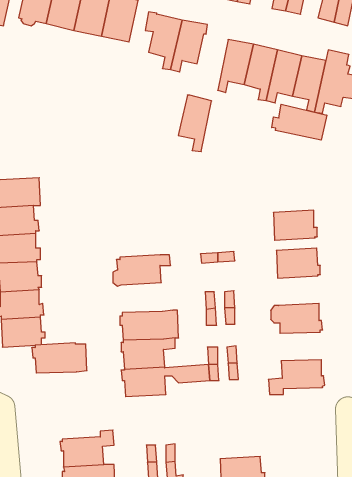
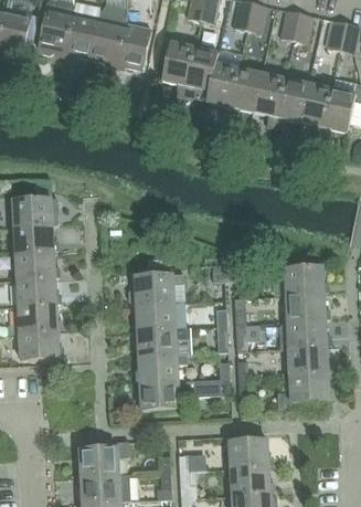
building: [178,95,212,152] -> [205,61,237,115]
building: [272,104,327,140] -> none
building: [273,210,317,240] -> [285,293,327,321]
building: none -> [287,347,329,374]
building: [32,343,87,373] -> [131,299,184,328]
building: none -> [227,440,272,468]

